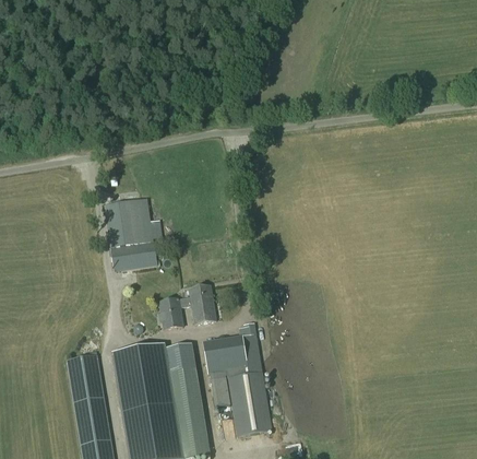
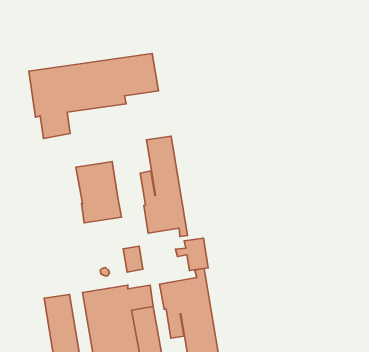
building: none -> [29,54,158,138]
building: none -> [140,136,188,237]
building: [178,283,216,321] -> [176,238,208,271]

